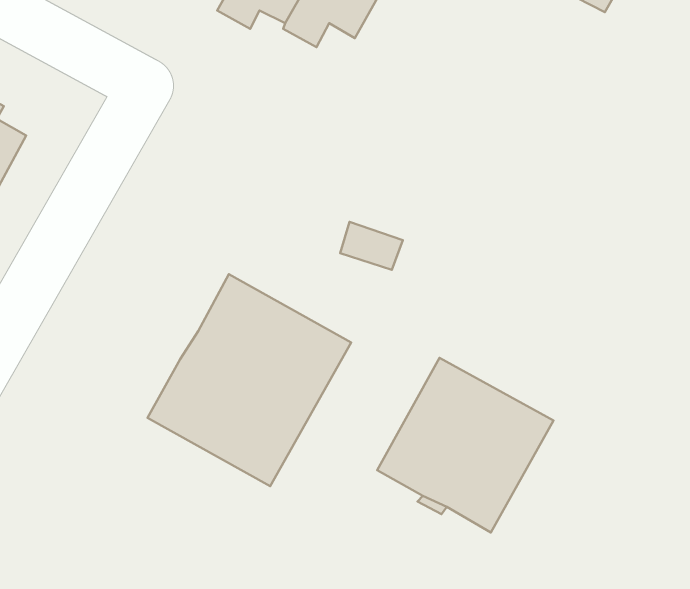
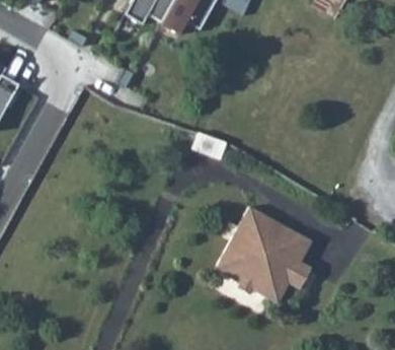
building: [148,274,351,486] -> none

